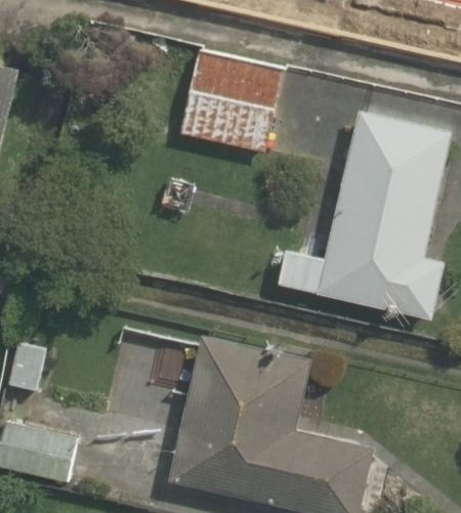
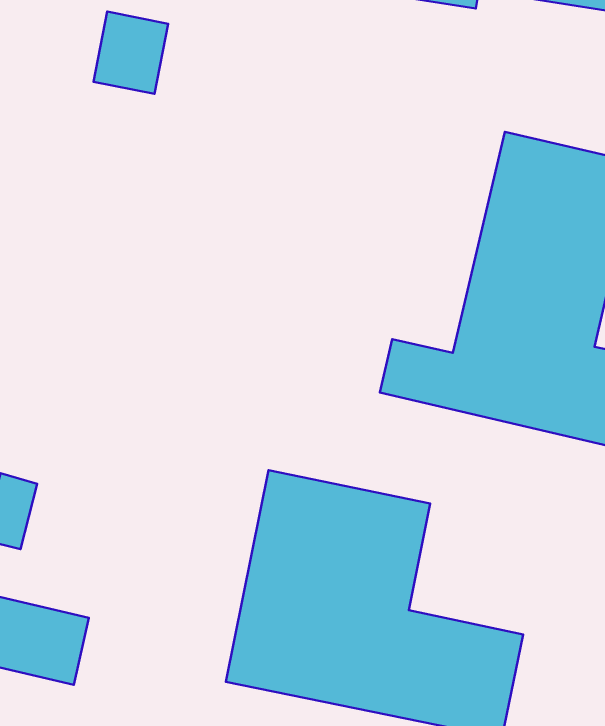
building: [180,51,285,156] -> none

